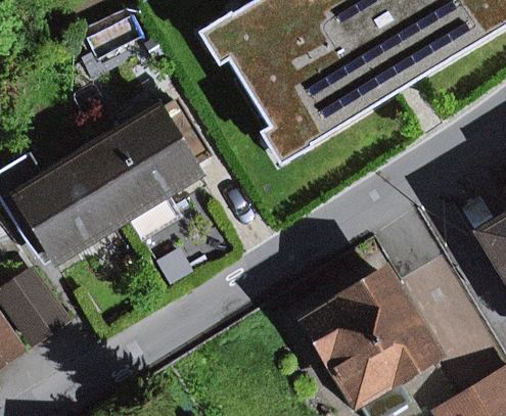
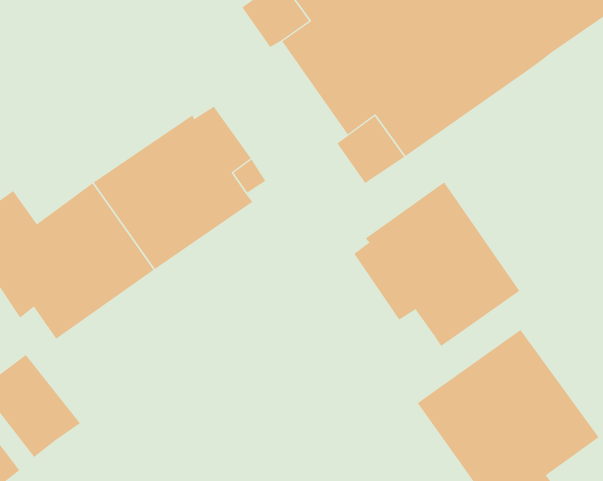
building: none -> [354,181,520,347]

